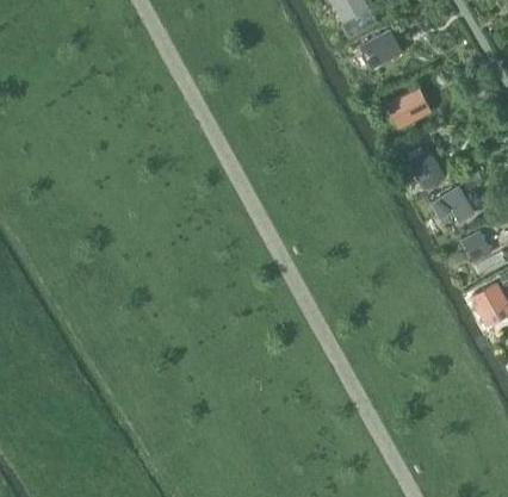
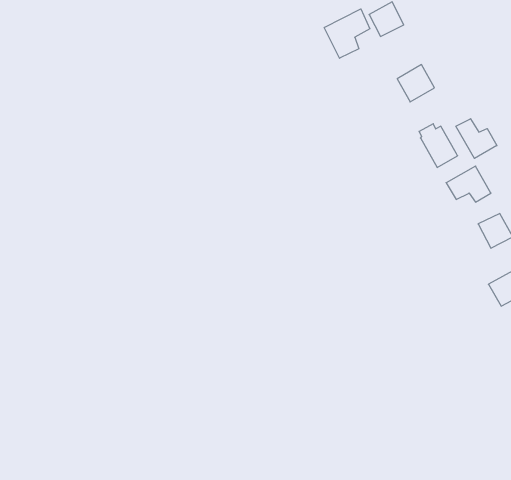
building: none -> [324,9,370,58]
building: none -> [456,119,497,158]

